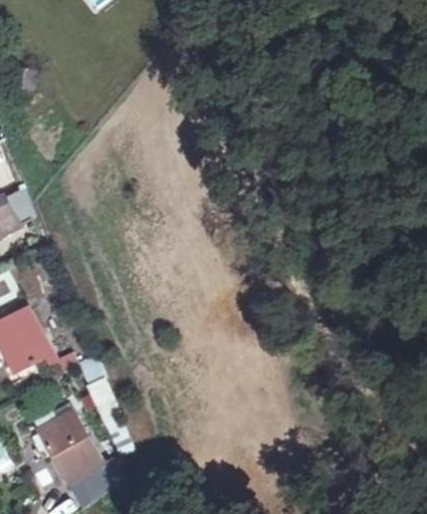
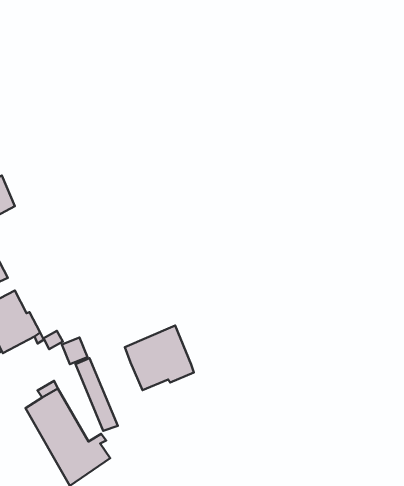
building: none -> [125,326,194,390]

